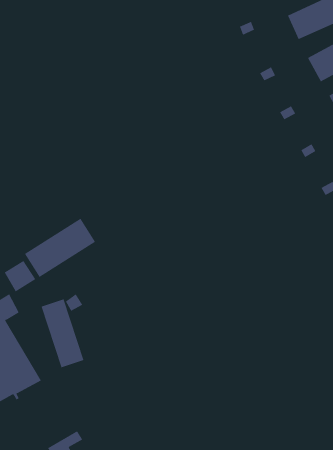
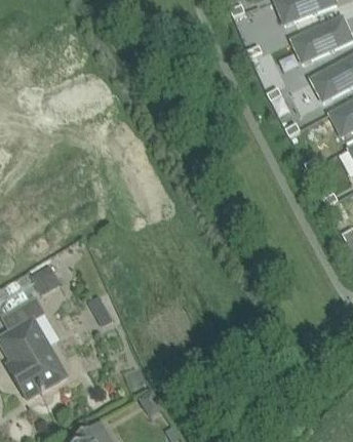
building: [24,218,96,278] -> none
building: [41,299,84,368] -> none

